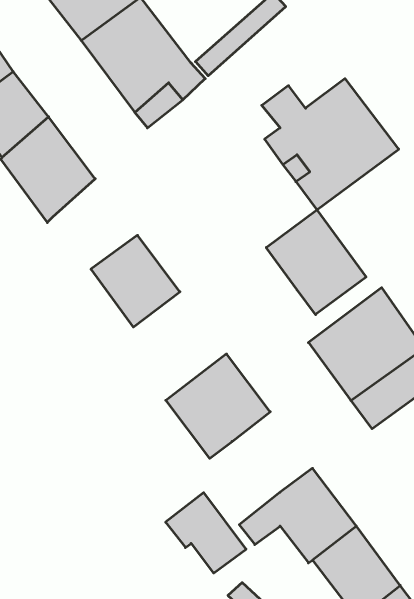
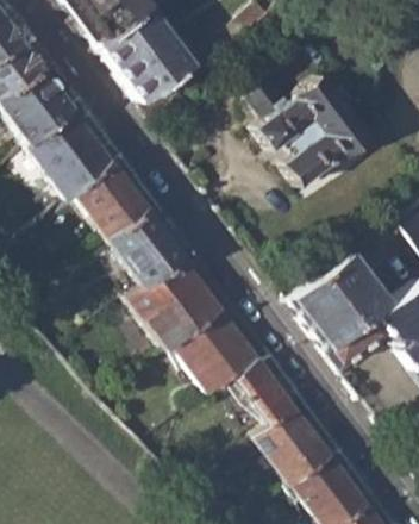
building: none -> [76,160,148,236]
building: [266,210,366,315] -> none
building: none -> [130,255,223,348]
building: [166,493,246,573] -> [227,356,295,424]

